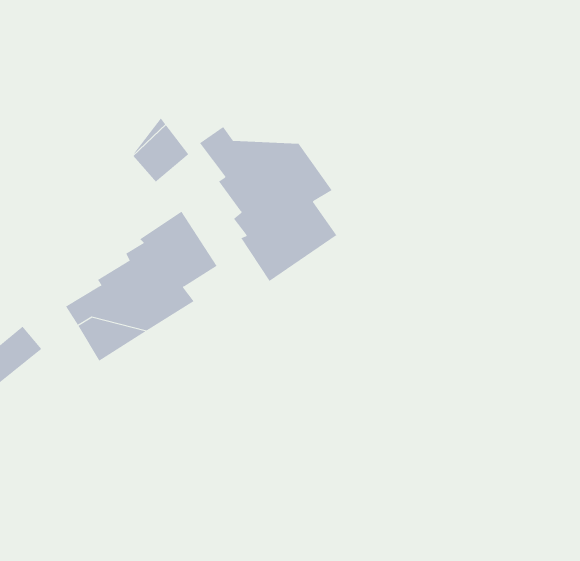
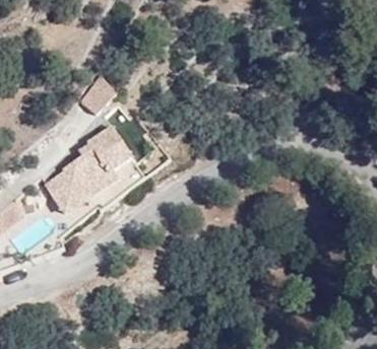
building: [199,126,337,282] -> none

